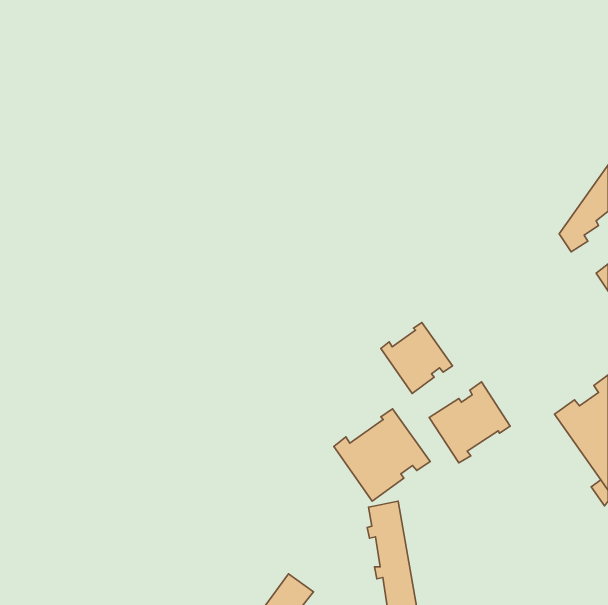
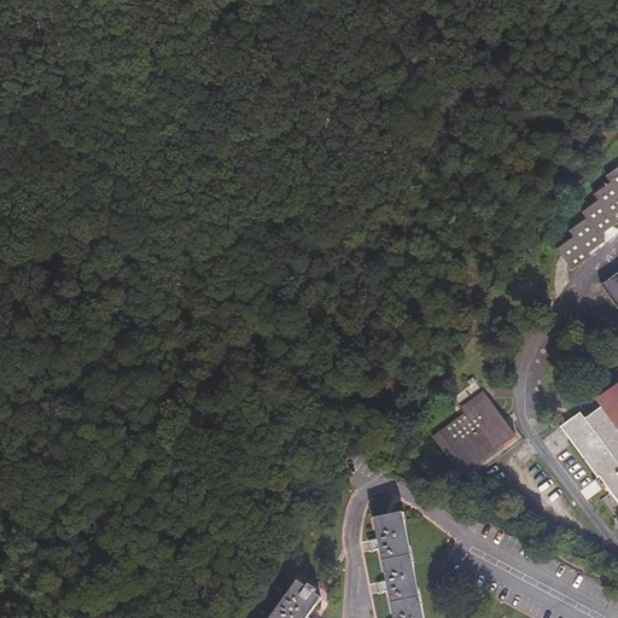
building: [381,322,452,393] -> none
building: [334,409,430,501] -> none

